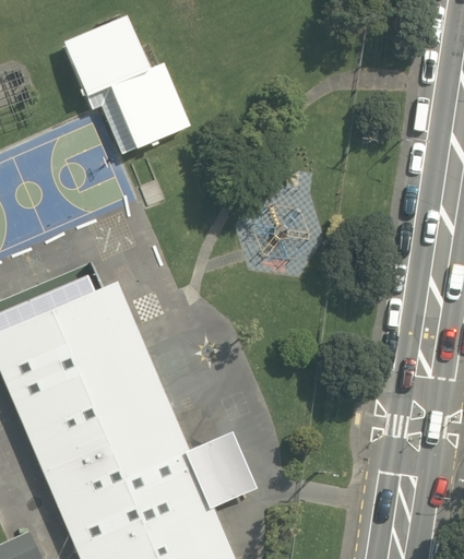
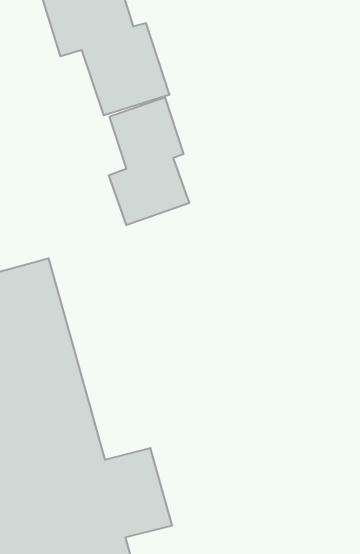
building: none -> [109,97,189,225]

